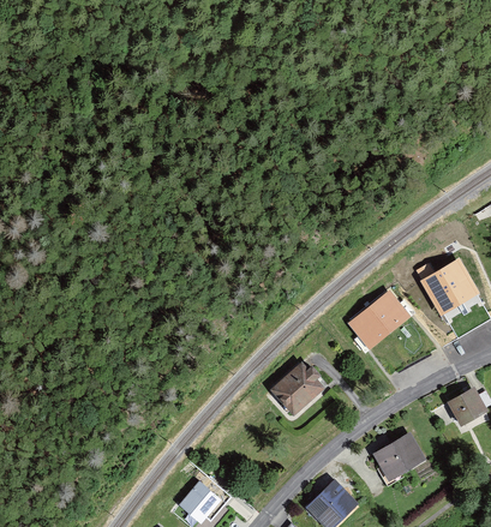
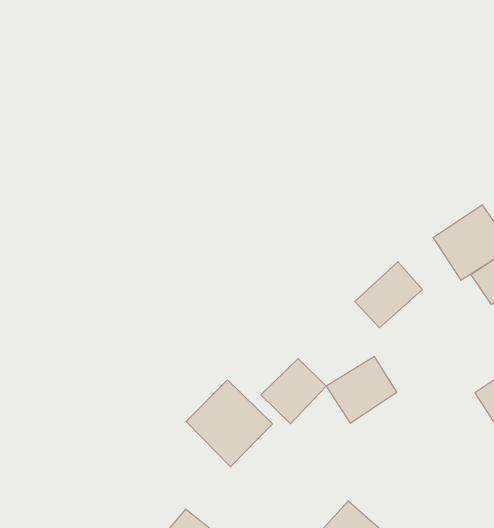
building: none -> [186,380,272,467]
building: [369,433,425,485] -> [326,357,397,423]

